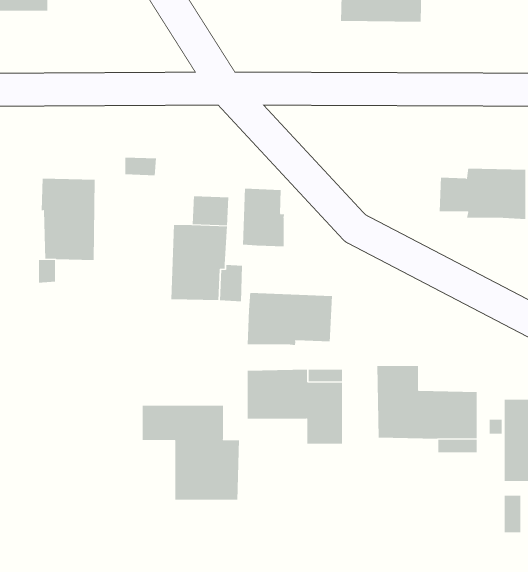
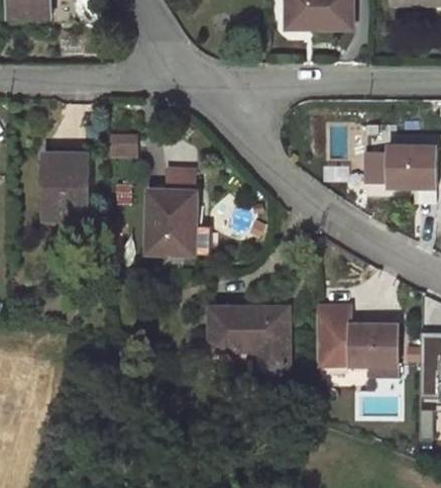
building: [242,188,284,247] -> none
building: [247,292,333,346] -> none
building: [142,405,240,500] -> none

